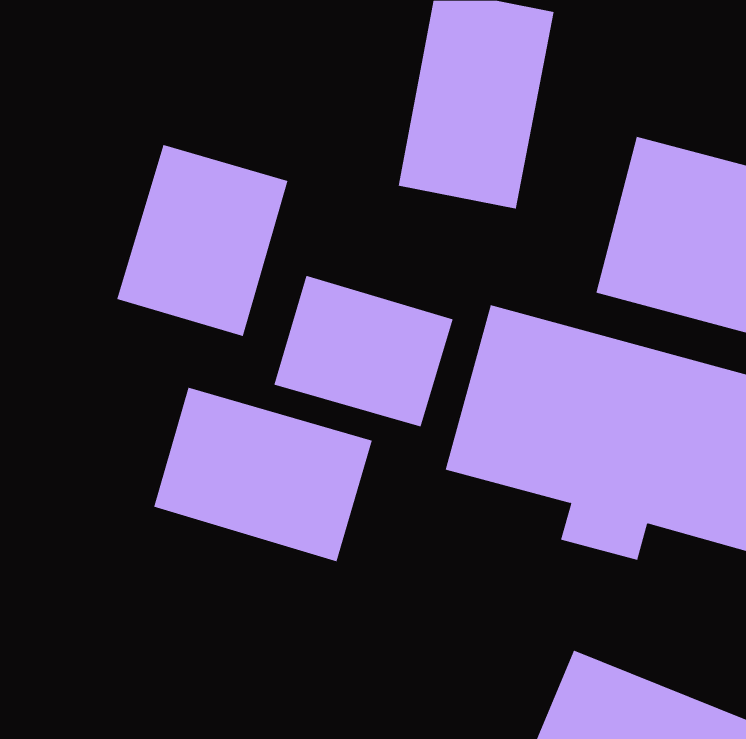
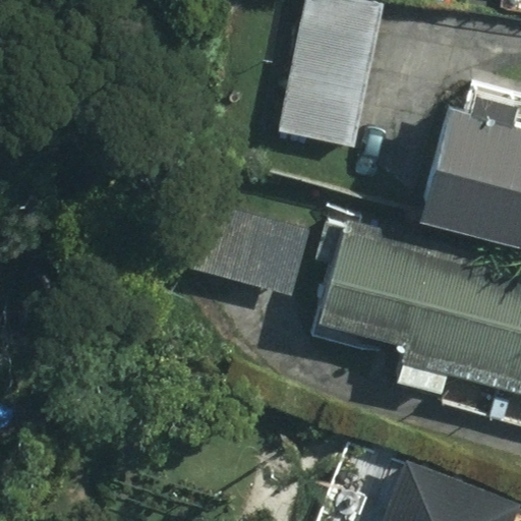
building: [116,144,288,337] -> none
building: [153,387,372,562] -> none

